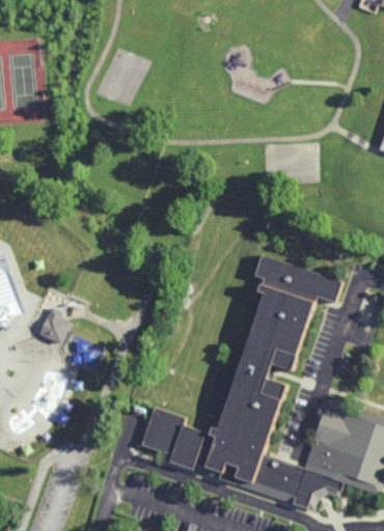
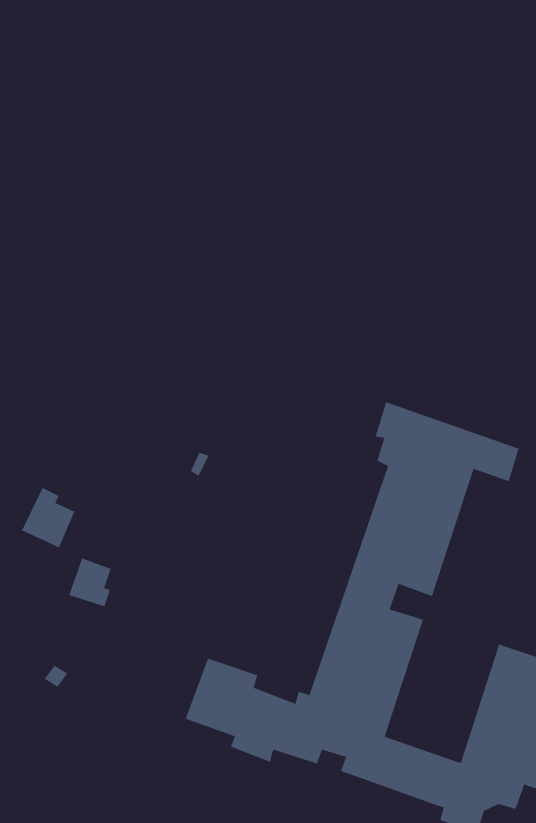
building: none -> [69,557,111,607]

